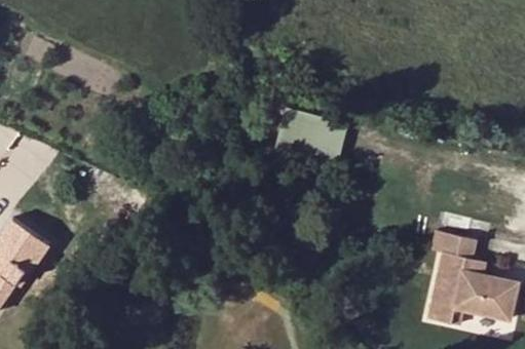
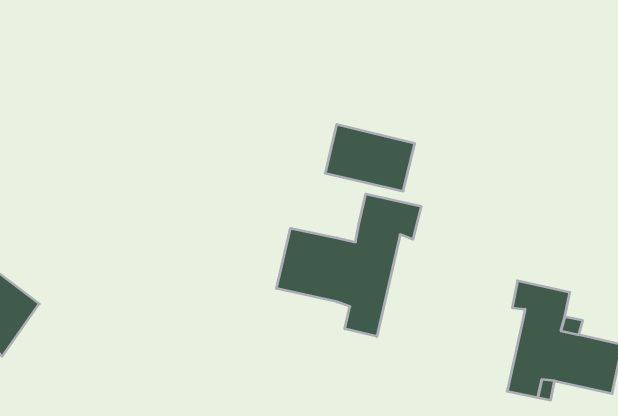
building: none -> [276,194,421,337]

